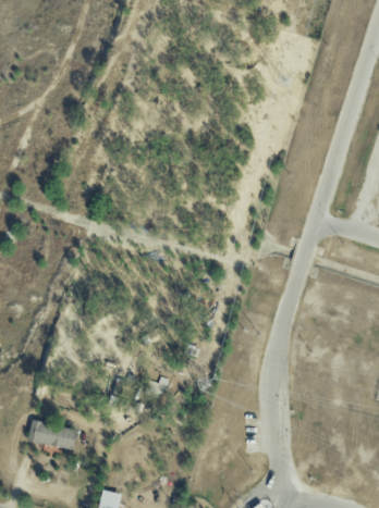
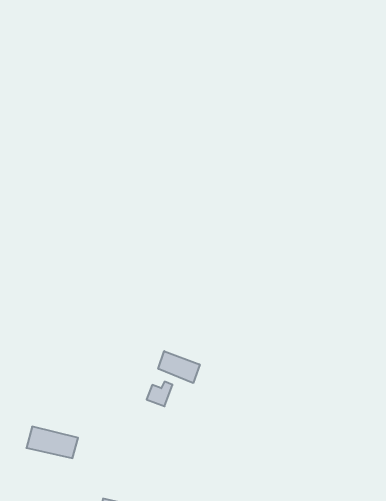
building: none -> [158,351,200,383]

